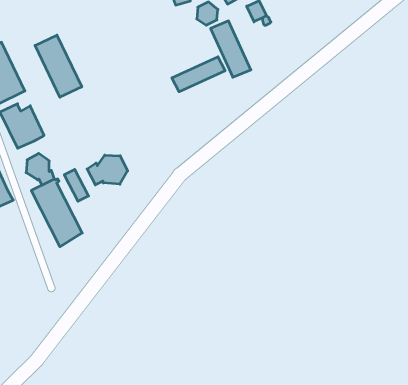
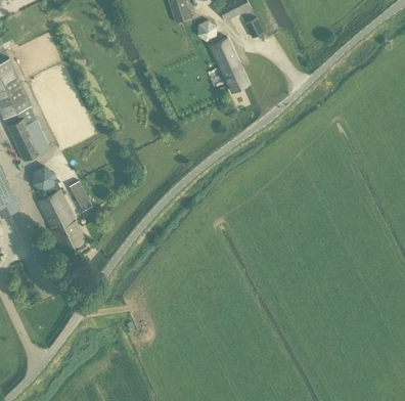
building: [35,35,82,97] -> none
building: [172,57,225,92] -> none
building: [87,155,128,185] -> none

